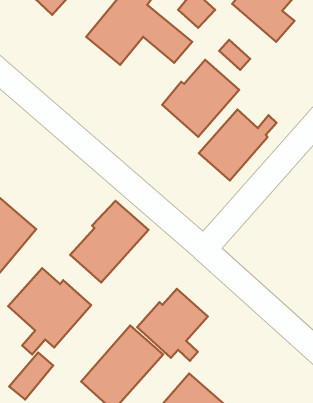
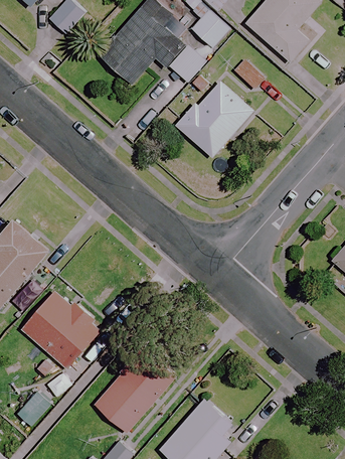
building: [199,110,276,180] -> none
building: [70,201,148,283] -> none
building: [137,289,208,361] -> none

